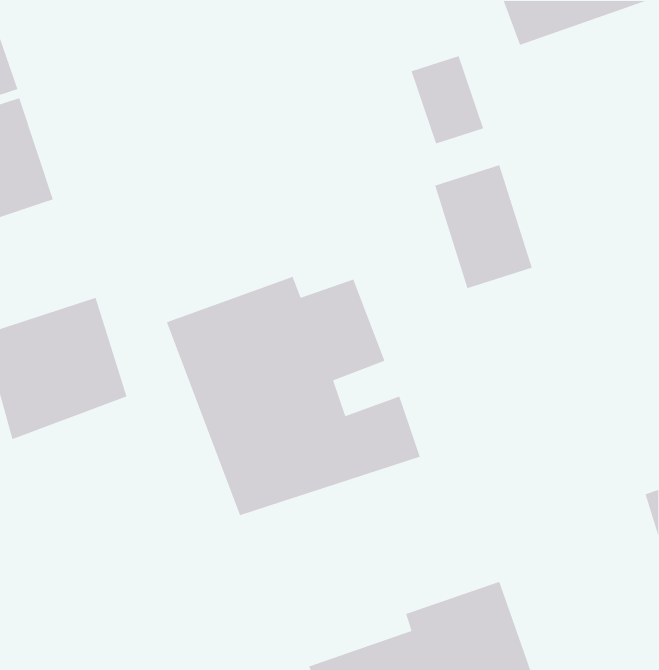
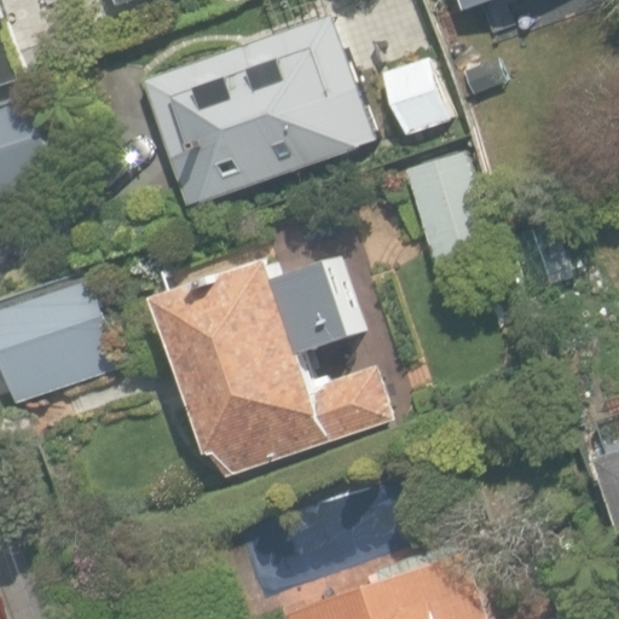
building: none -> [141,16,371,207]

